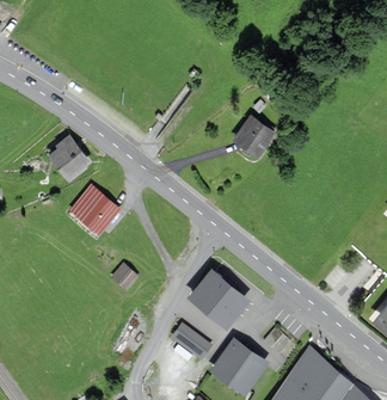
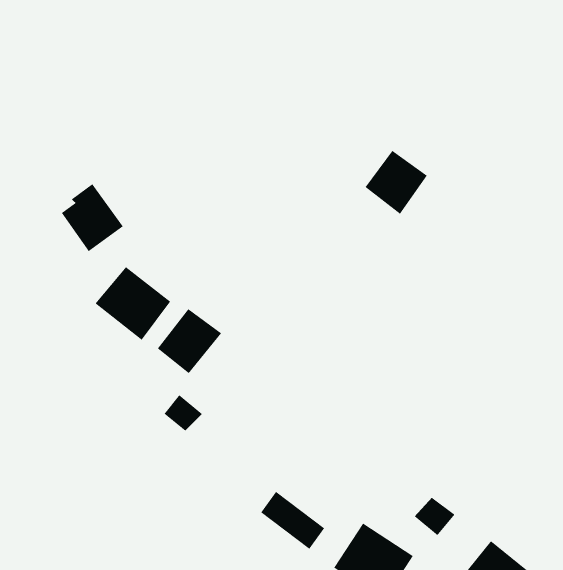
building: none -> [157,308,222,374]
building: [190,270,248,326] -> none

